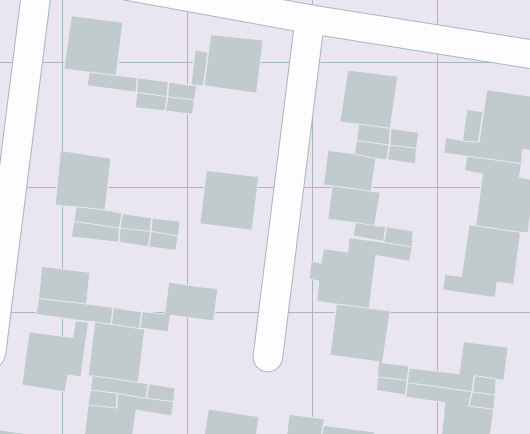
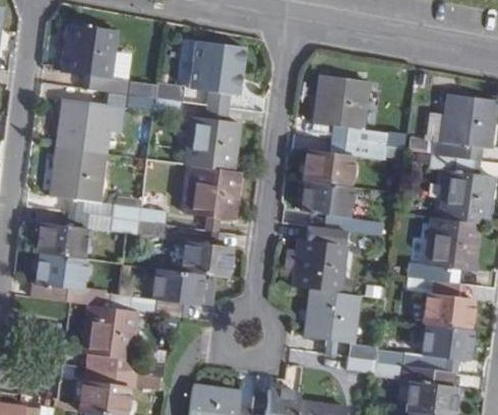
building: none -> [58,100,111,155]
building: none -> [186,117,240,171]
building: none -> [40,224,87,260]
building: none -> [183,243,231,278]
building: none -> [409,276,474,329]
building: [22,320,88,392] -> none

